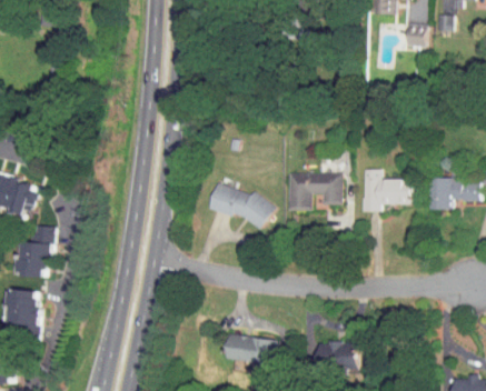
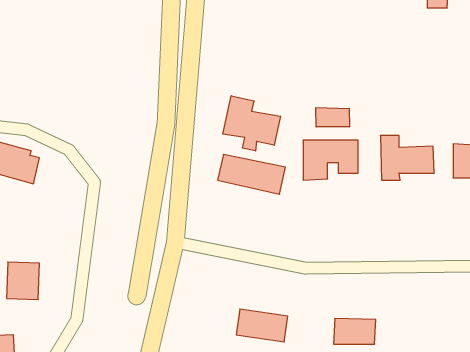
building: none -> [223,96,281,151]
building: none -> [316,108,349,127]
building: [17,225,50,277] -> none

